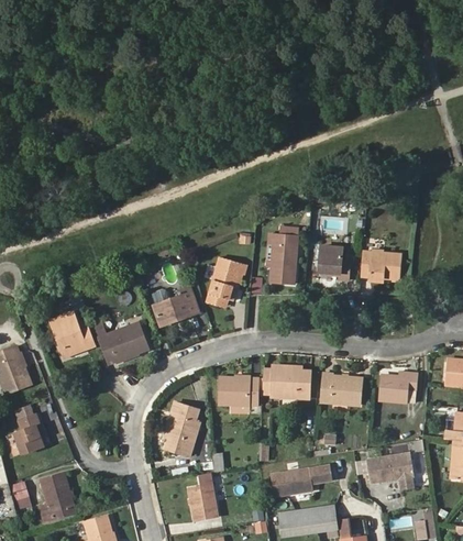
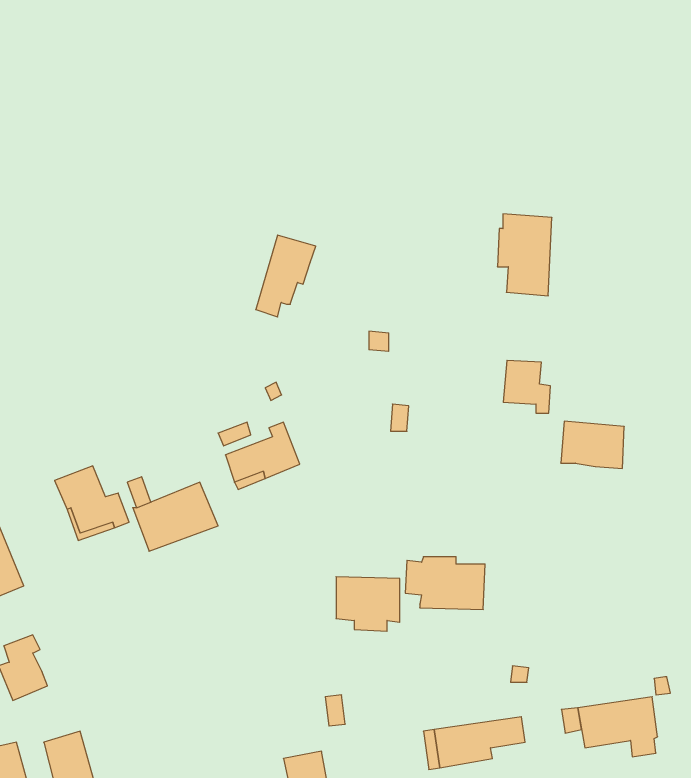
building: [265,236,298,286] -> [497,214,552,296]
building: [362,253,400,281] -> [561,421,624,468]
building: [207,257,243,307] -> [256,235,316,317]
building: [320,373,360,404] -> none
building: [378,374,415,402] -> none
building: [165,402,198,456] -> none

